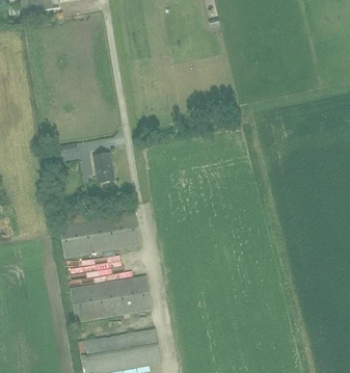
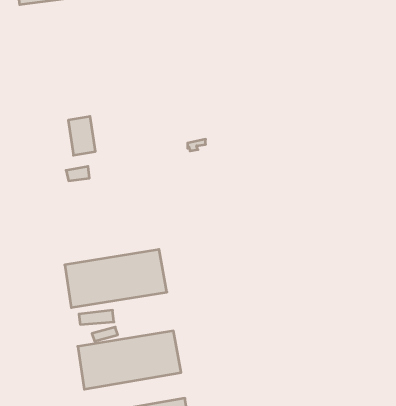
building: [92,152,114,183] -> [68,116,95,155]

